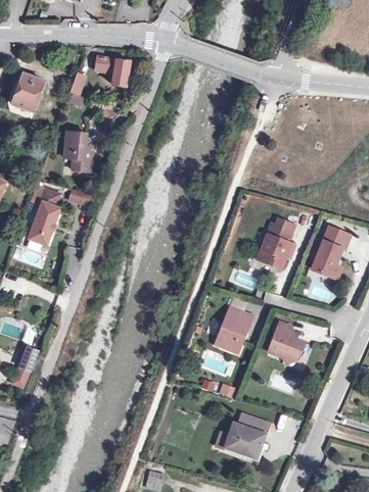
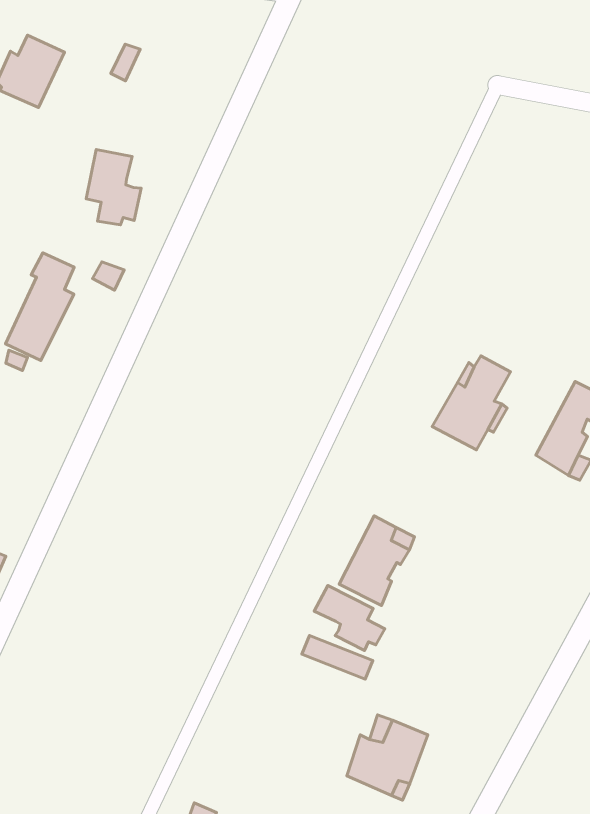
building: [96,53,130,84] -> none
building: [268,324,307,360] -> none
building: none -> [314,585,385,651]

